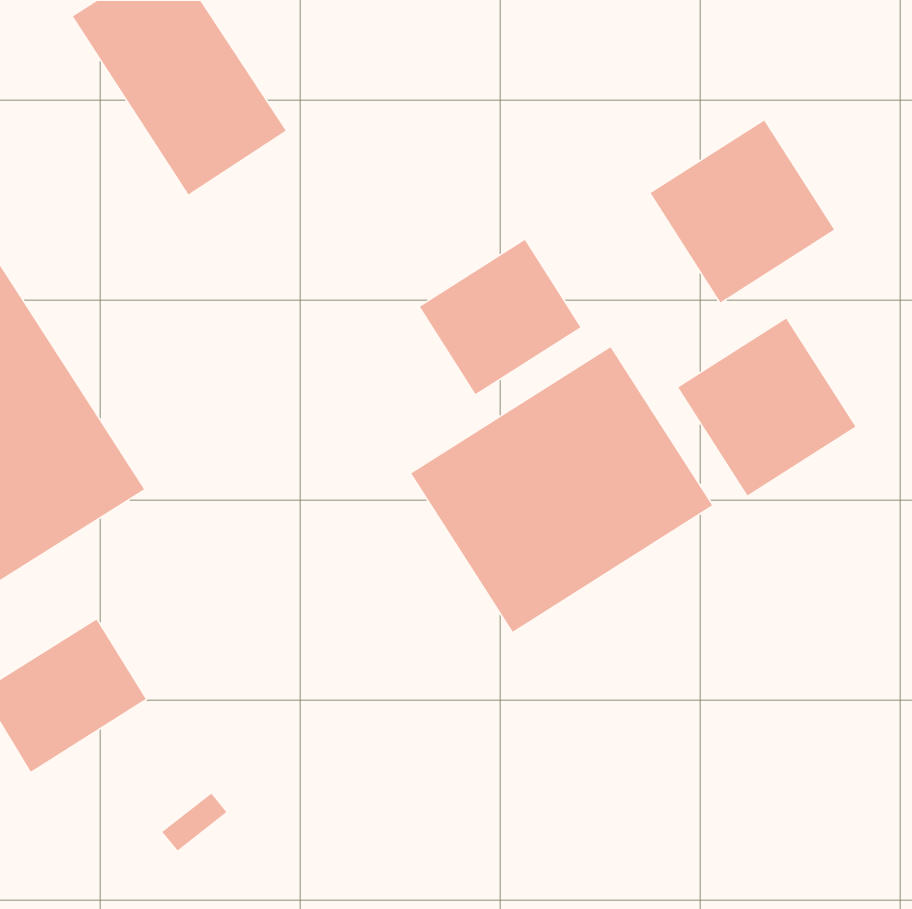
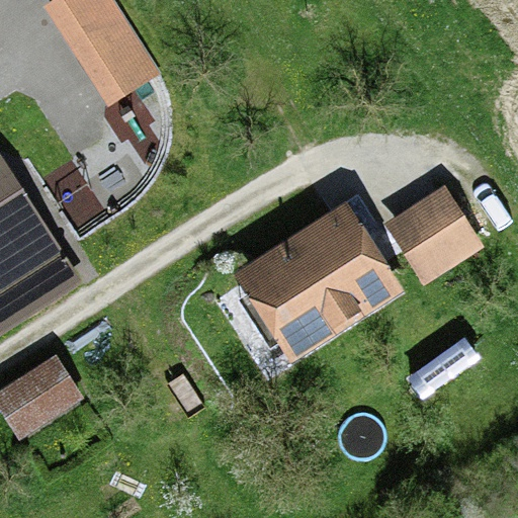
building: [650,119,835,303] -> none
building: [419,239,582,395] -> none

